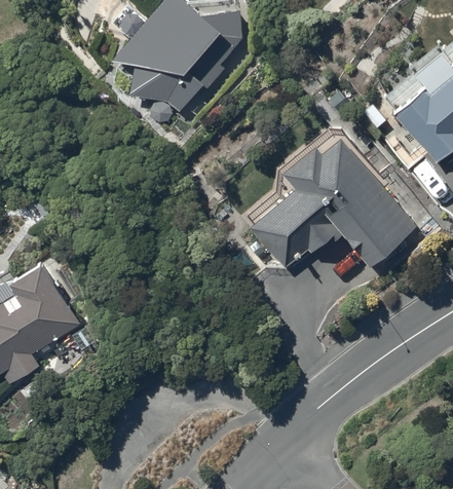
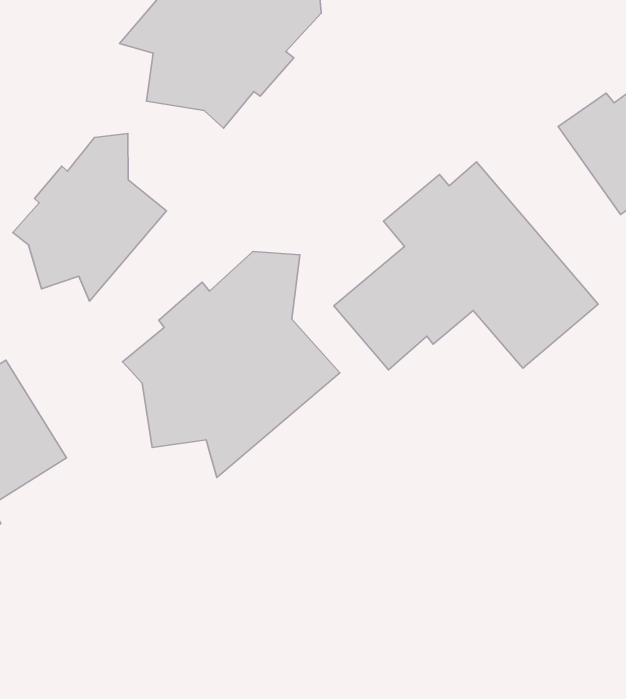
building: none -> [13,133,167,301]
building: none -> [122,251,340,478]

